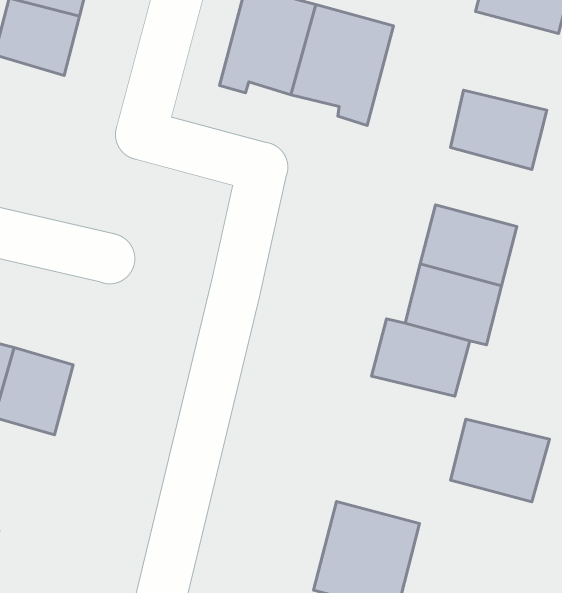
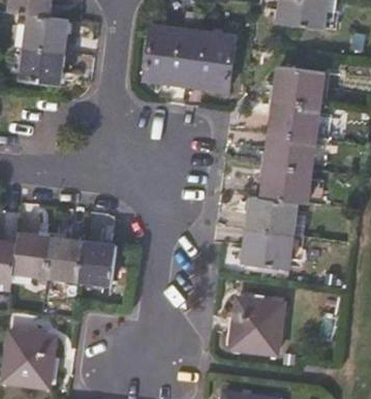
building: none -> [269,98,318,136]
building: none -> [79,242,116,285]
building: [451,419,549,502] -> [242,227,292,268]

